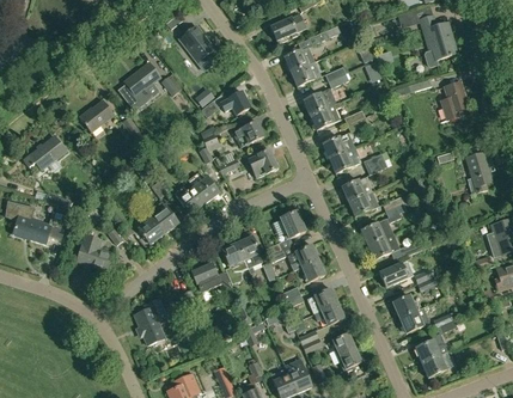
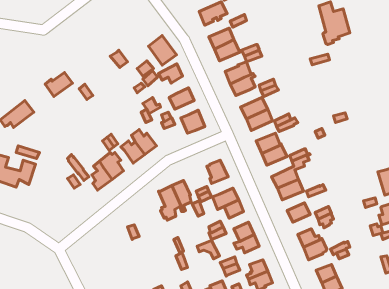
building: [179,24,214,61] -> [149,35,177,65]
building: [118,61,159,105] -> none
building: [440,80,469,120] -> none
building: [465,149,494,194] -> none
building: [77,233,111,269] -> none
building: [189,261,228,292] -> none
building: [134,299,165,344] -> none

